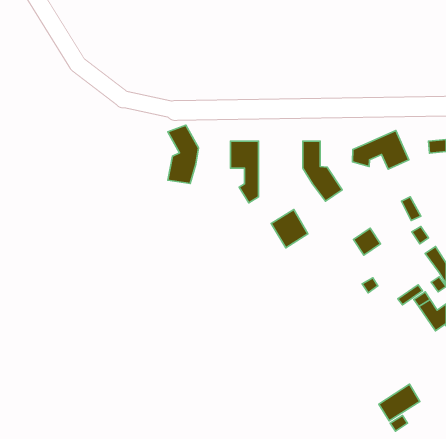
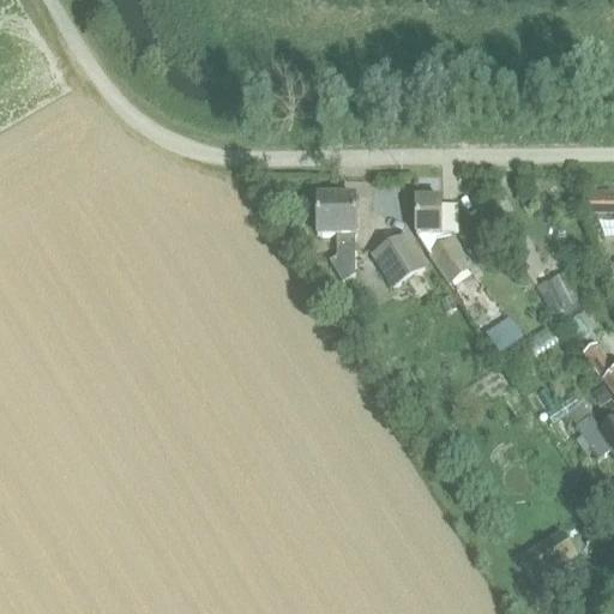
building: [168,125,199,184] -> none
building: [353,130,409,169] -> none
building: [271,210,308,248] -> [373,231,423,284]

